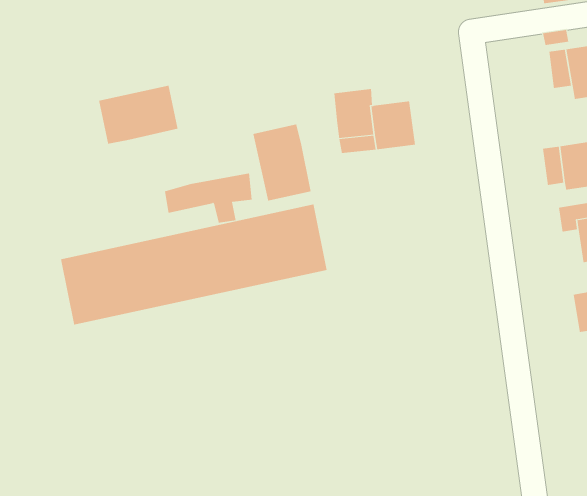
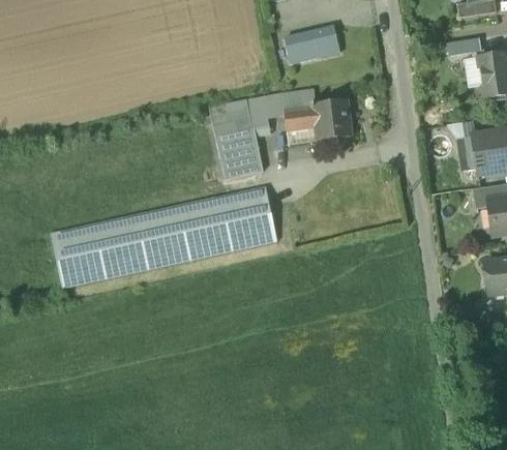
building: none -> [285,26,340,63]
building: [98,85,178,144] -> none
building: [164,173,252,223] -> [210,92,285,134]

